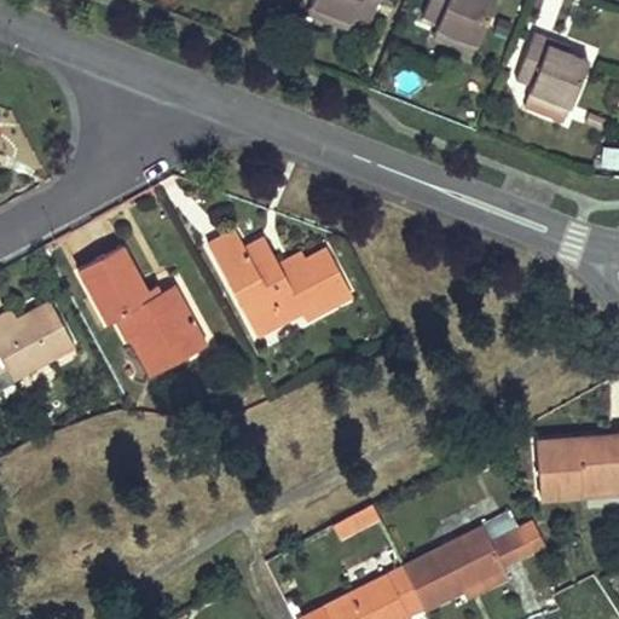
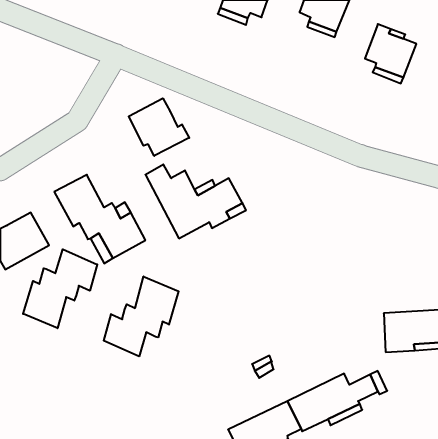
building: none -> [129,98,189,156]
building: none -> [23,249,97,328]
building: none -> [104,276,179,356]

